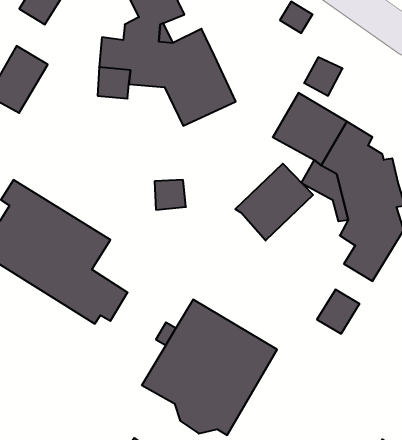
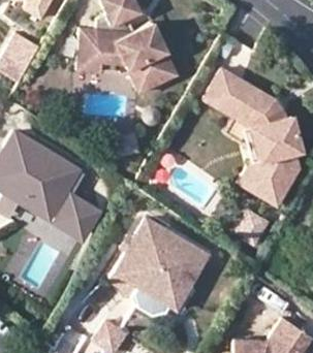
building: [235,164,313,241] -> none

